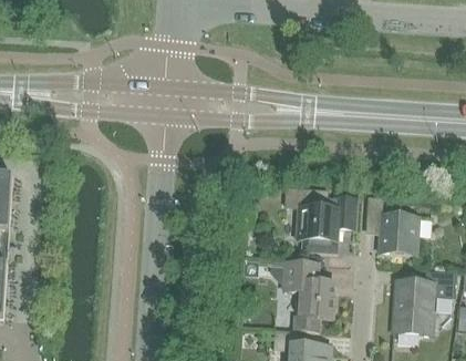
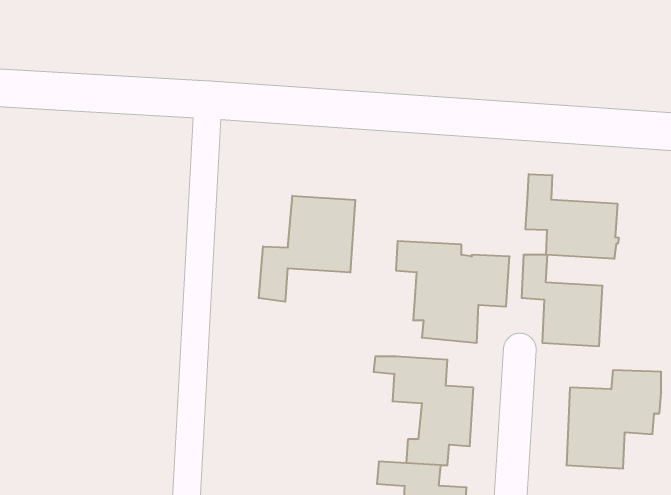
building: none -> [526,174,619,259]
building: none -> [259,196,355,302]

